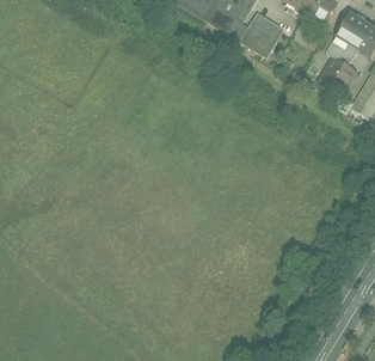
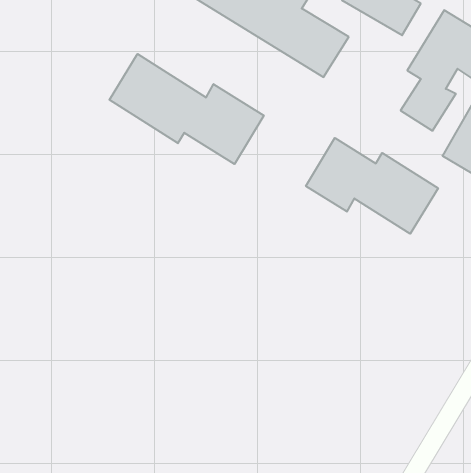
building: none -> [109,54,264,164]
building: none -> [306,138,438,234]

